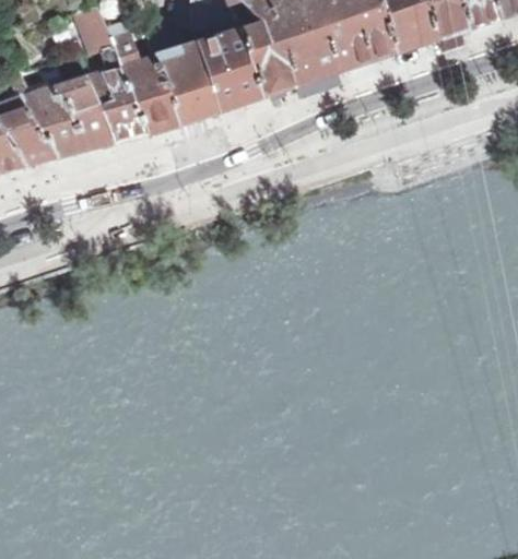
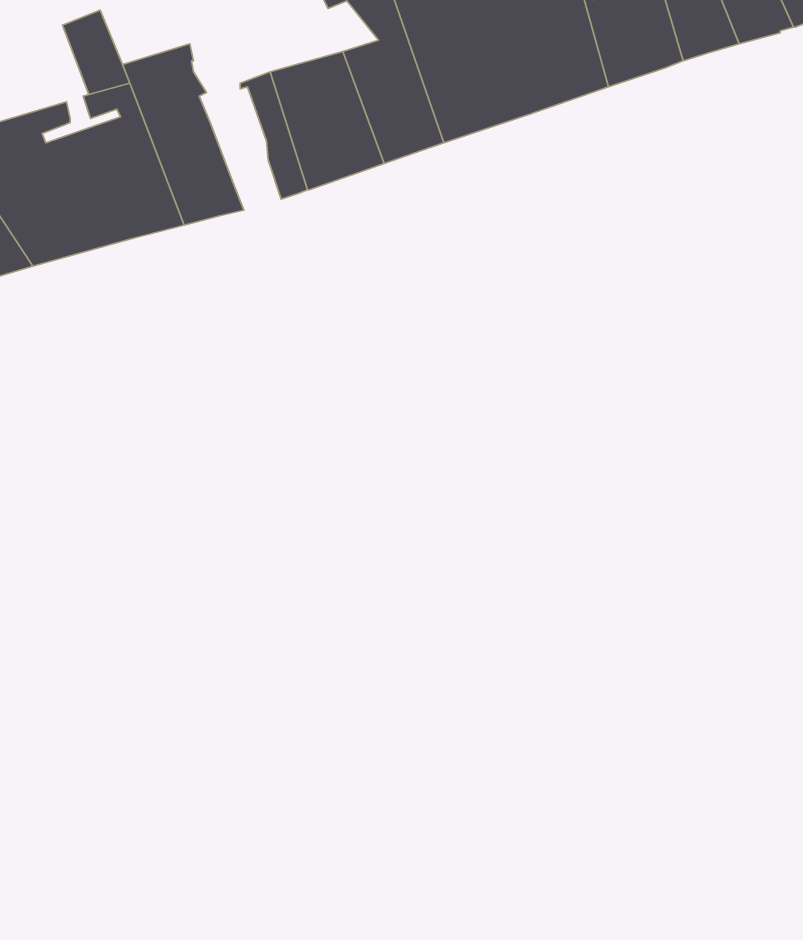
building: [160,50,203,124] -> none

